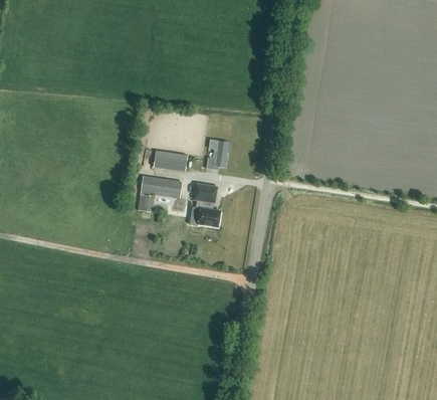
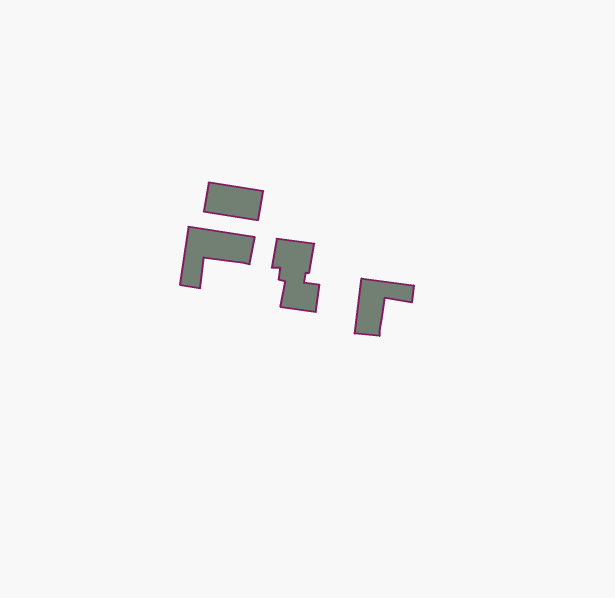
building: [207,139,228,167] -> none
building: none -> [355,278,414,336]

